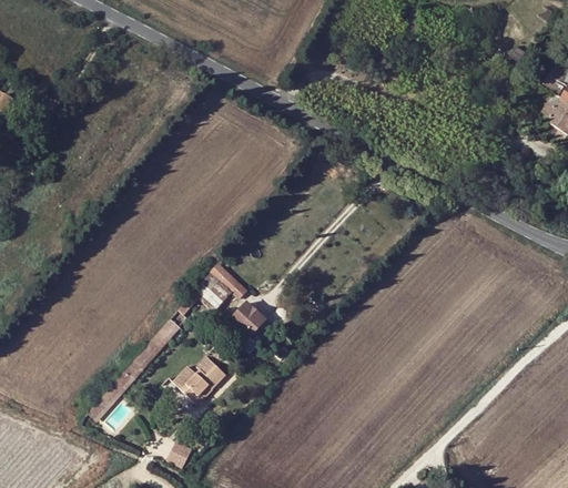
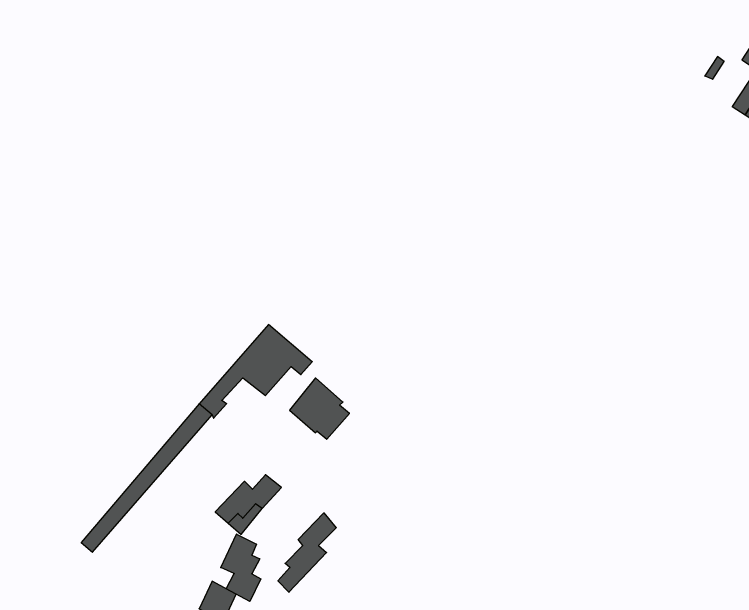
building: none -> [278,513,336,592]
building: none -> [221,534,261,601]

